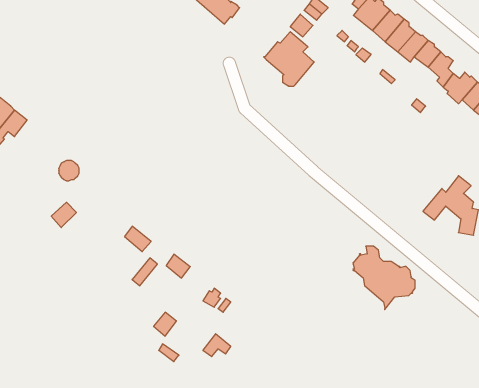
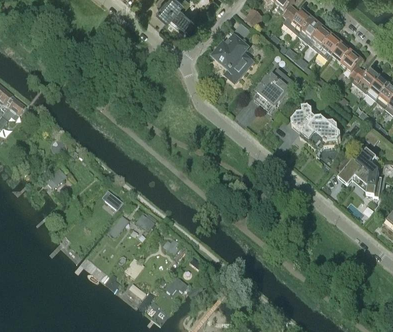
building: none -> [254,65,294,110]
building: [353,246,415,310] -> [291,105,340,155]

